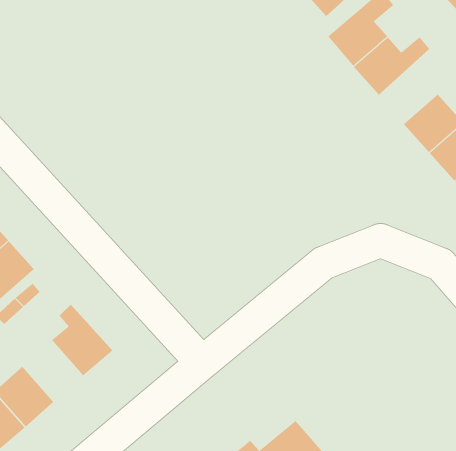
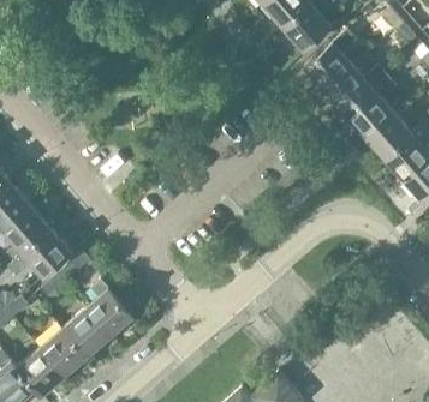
building: none -> [345,76,394,136]
building: none -> [61,307,109,356]

